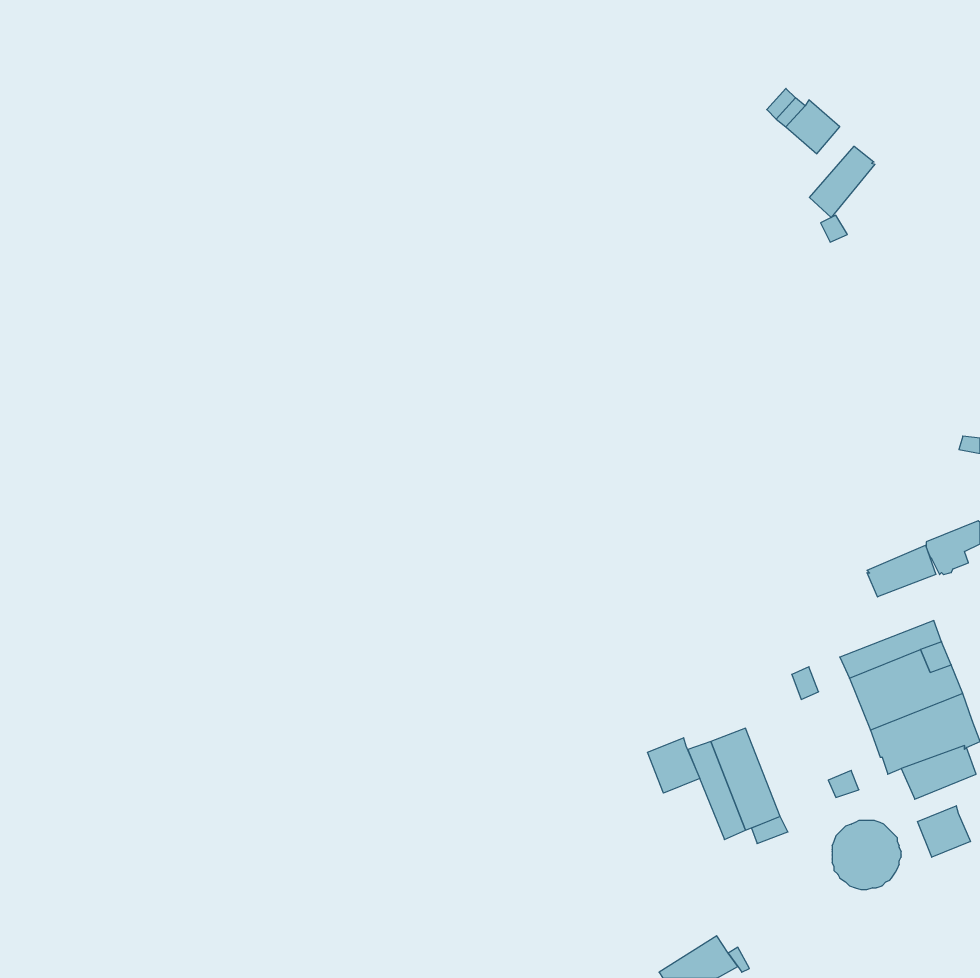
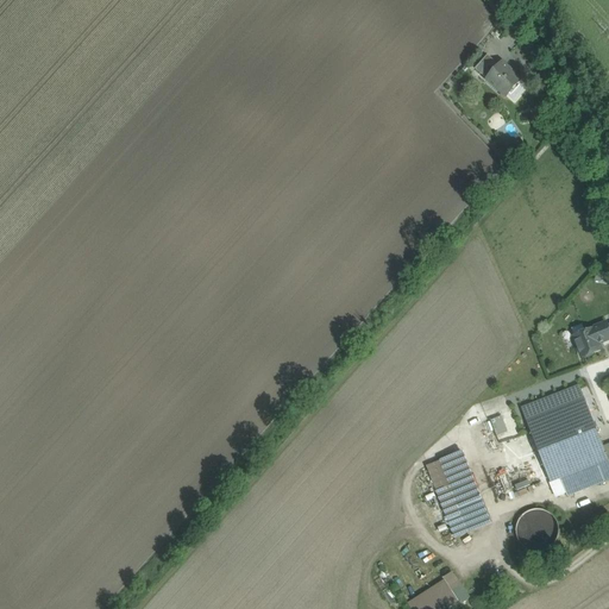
building: [809,146,875,218] -> none
building: [867,545,936,597] -> none
building: [647,738,700,793] -> none
building: [918,806,970,857] -> none

